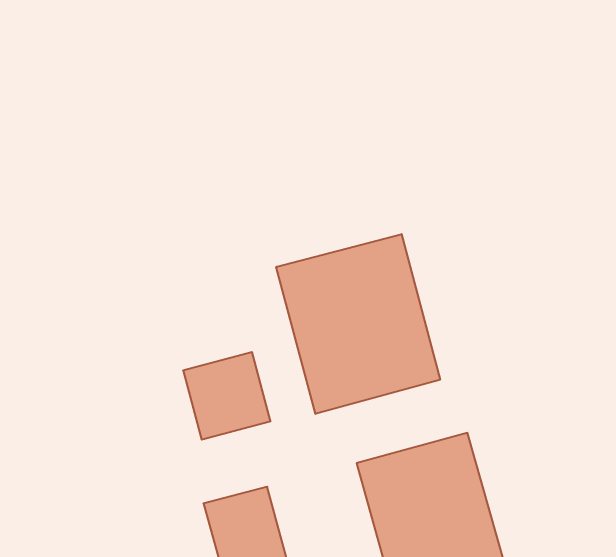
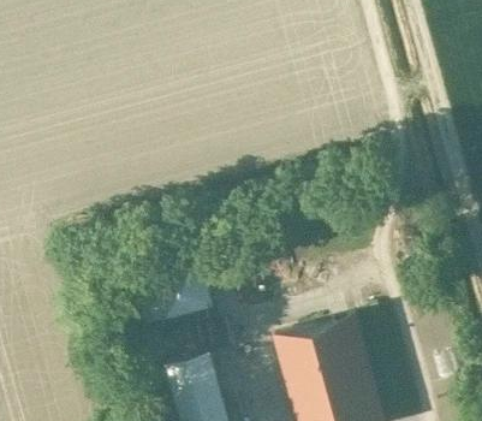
building: [276,234,440,414] -> none

